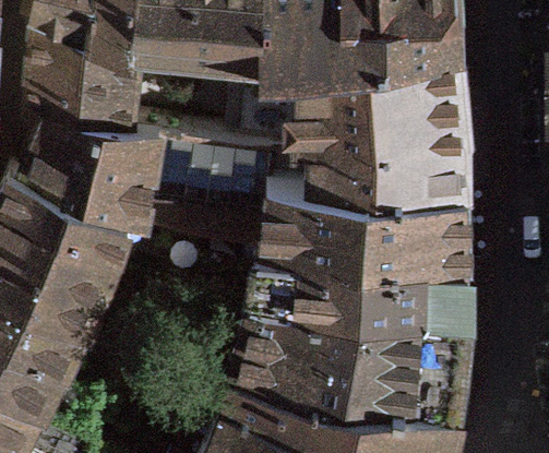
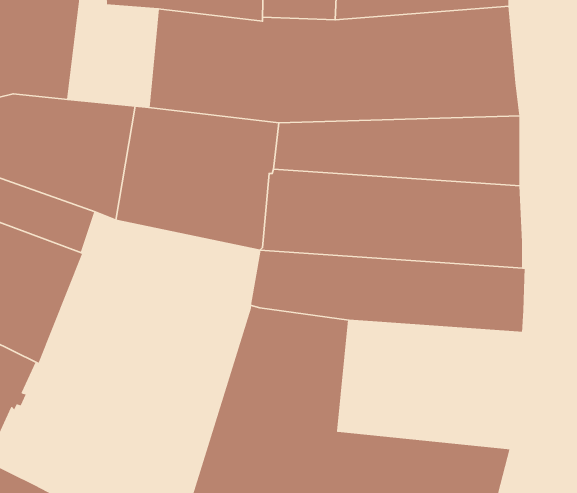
building: [324,299,472,402] -> none

